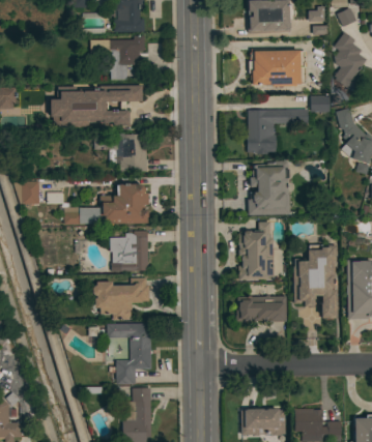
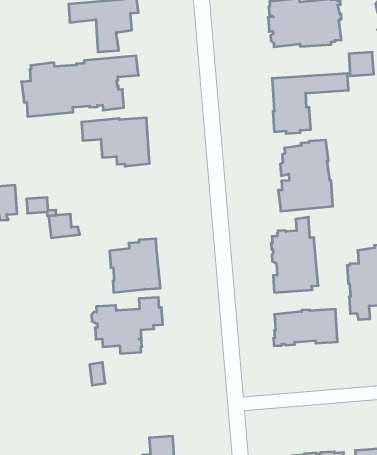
building: [101,184,149,224] -> none
building: [108,323,152,384] -> none

